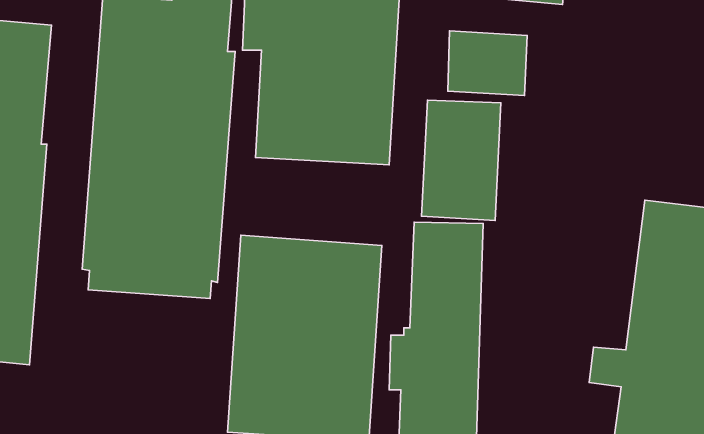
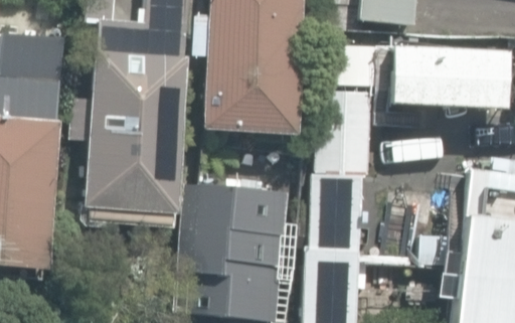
building: none -> [390,46,505,108]

